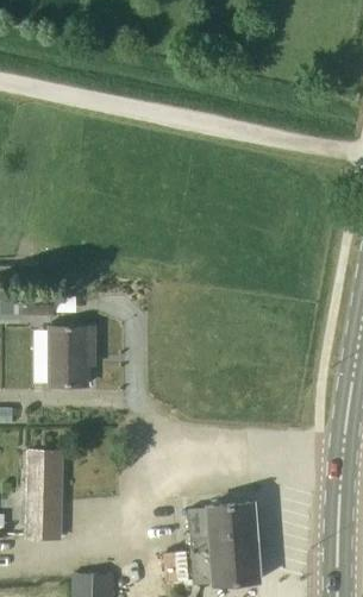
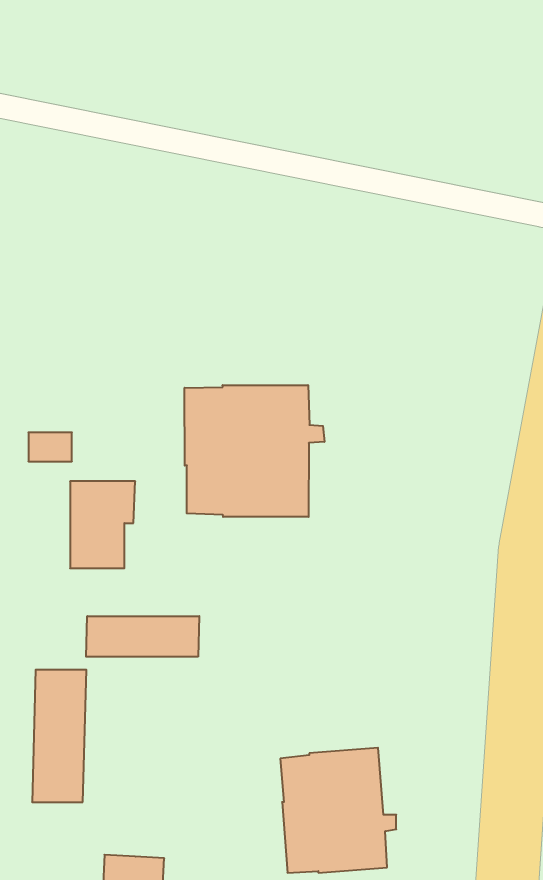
building: none -> [185,385,324,517]
building: none -> [86,616,199,657]

